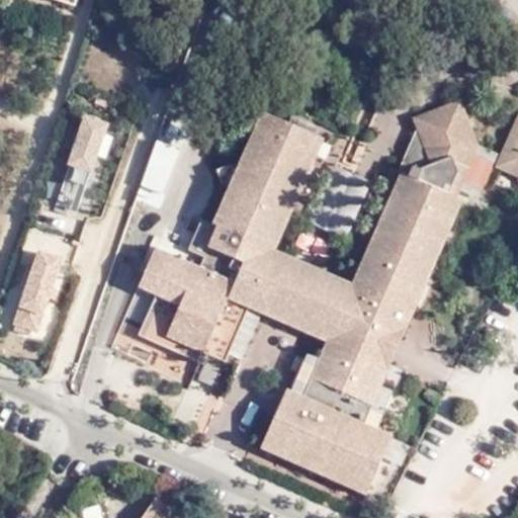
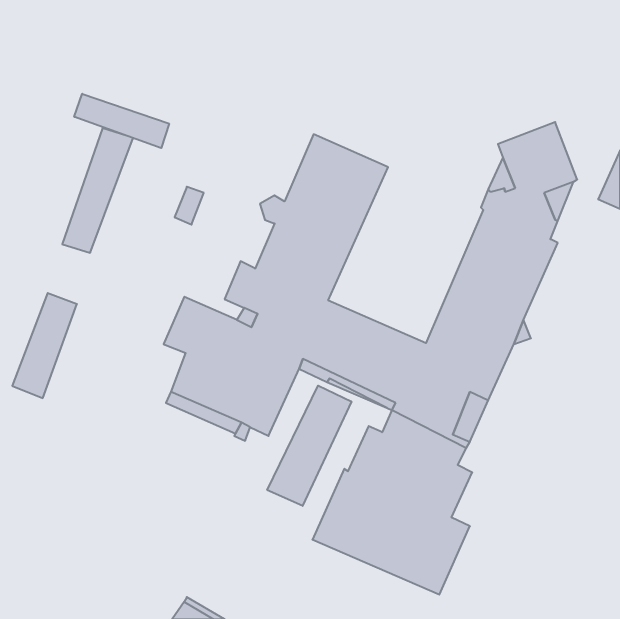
building: none -> [74,94,169,148]
building: none -> [267,386,351,506]

